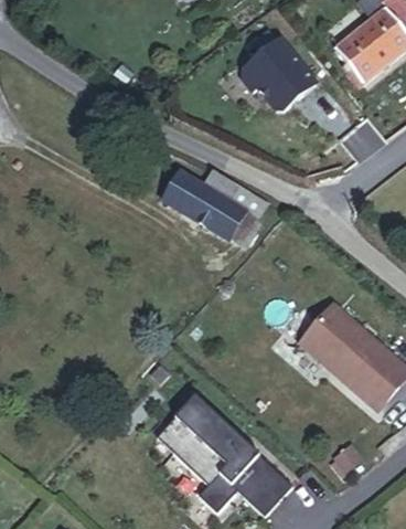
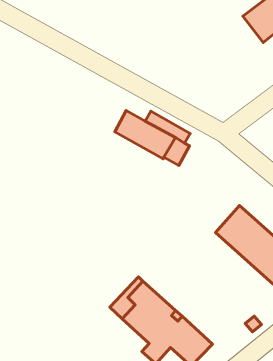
building: [243,39,316,107] -> none

